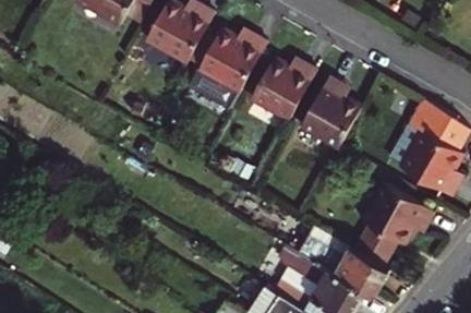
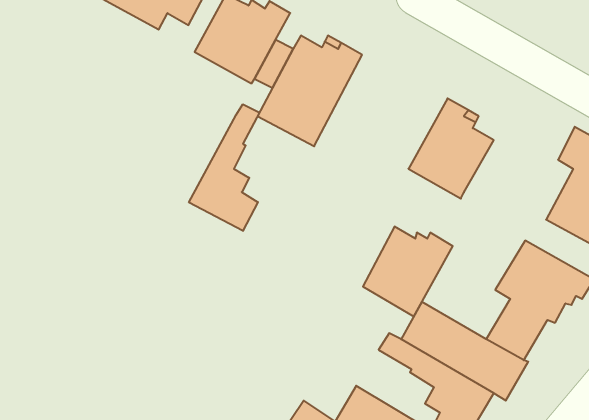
building: [252,57,317,122] -> [363,227,453,316]
building: none -> [189,104,259,231]

